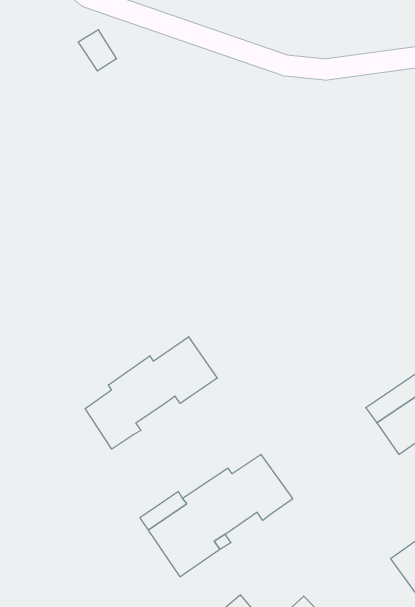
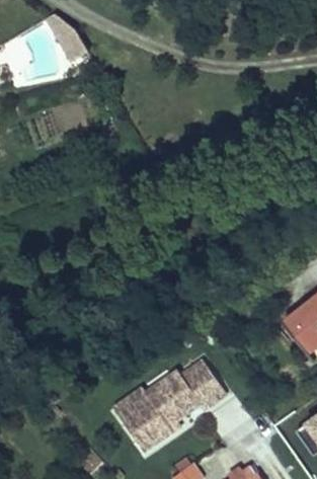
building: [85,337,217,449] -> none

